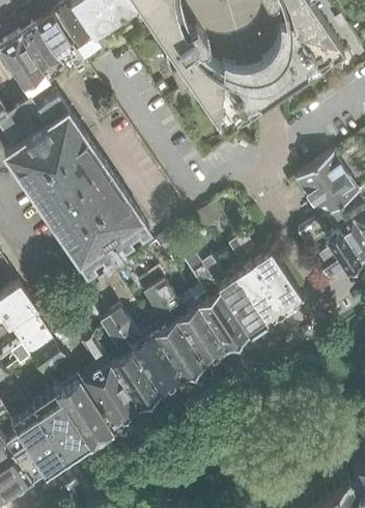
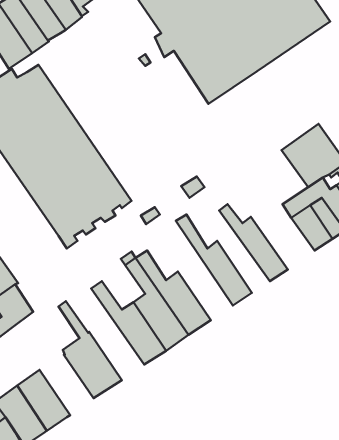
building: [227,239,285,320] -> none
building: [184,250,249,347] -> none
building: [100,316,162,406] -> none
building: [31,339,111,441] -> none

